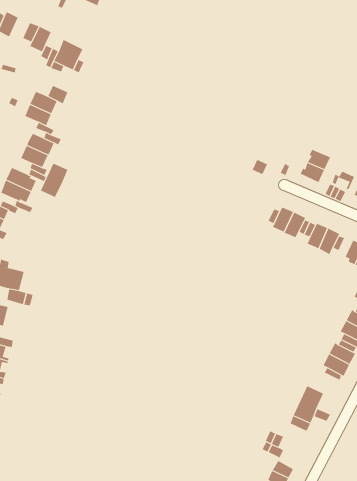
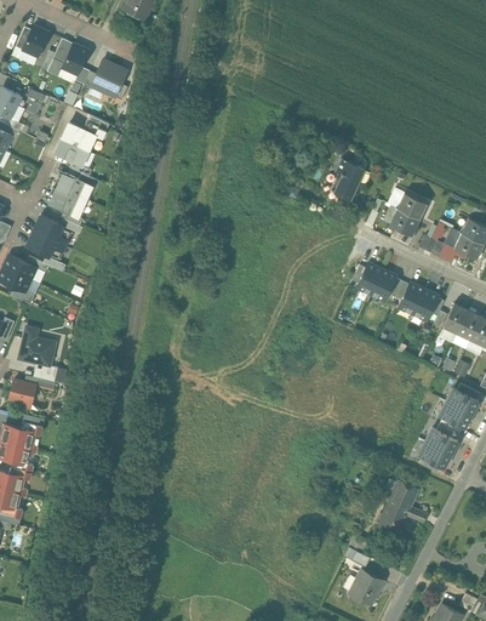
building: none -> [335,159,368,200]
building: [40,163,68,198] -> none

